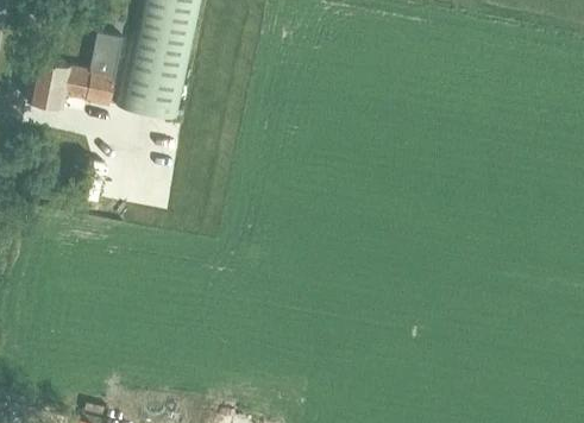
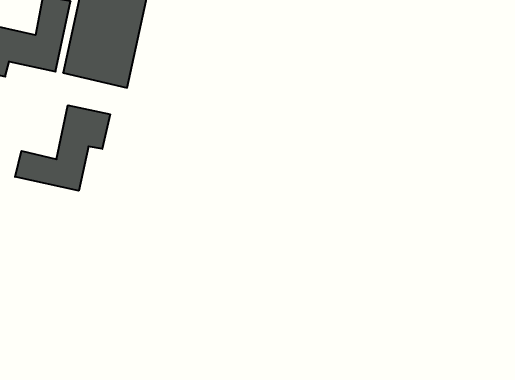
building: none -> [15,105,110,191]

